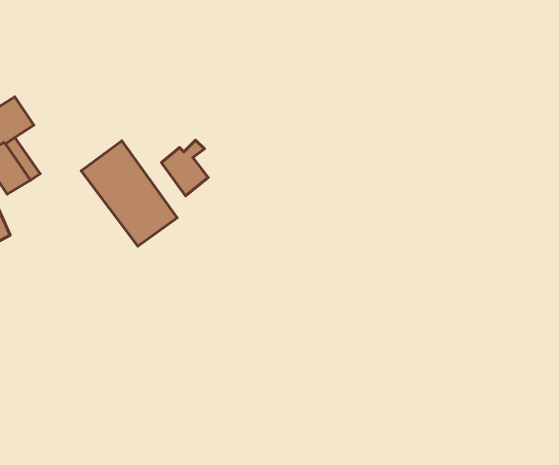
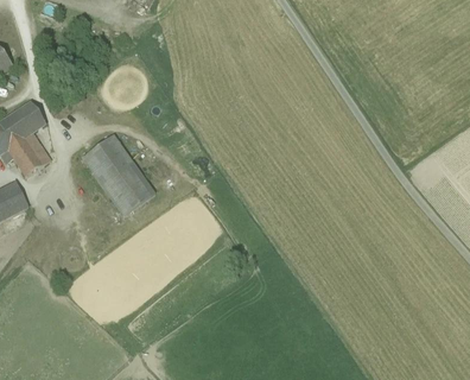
building: [162,140,208,196] -> none

